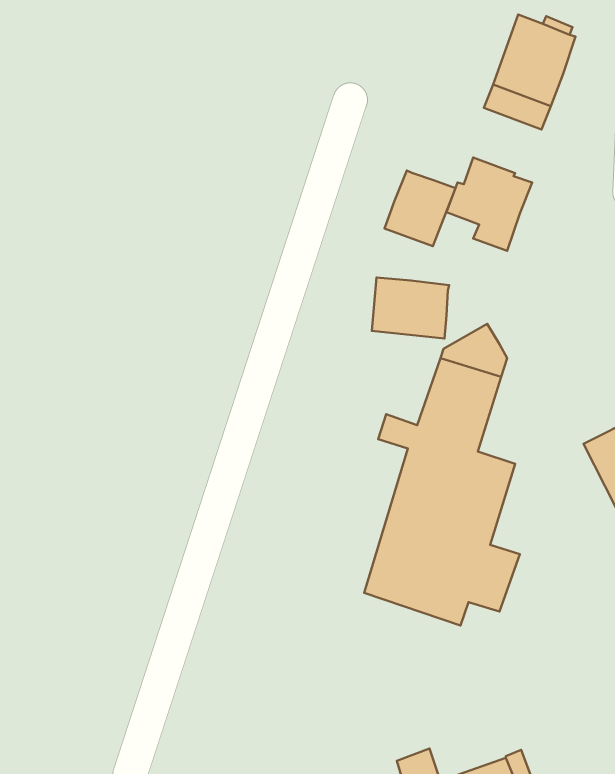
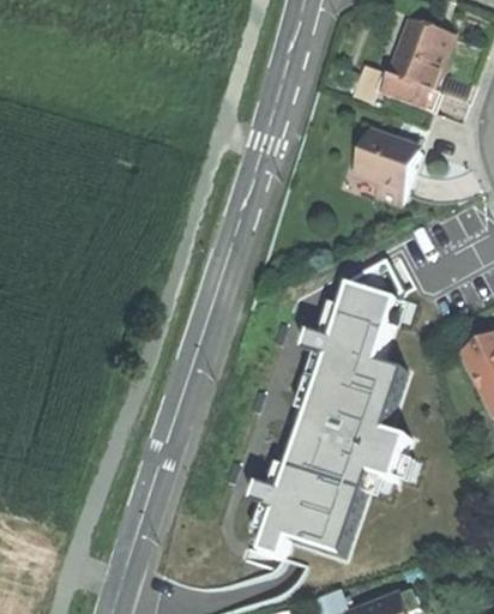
building: [384,170,455,246] -> none
building: [372,277,449,338] -> none
building: none -> [249,465,362,558]

